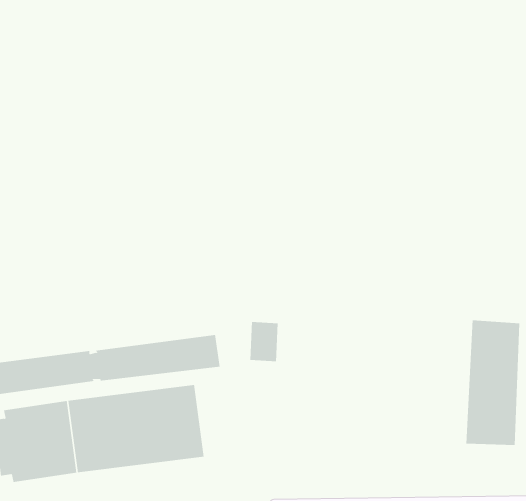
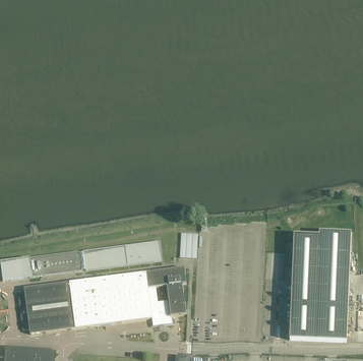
building: none -> [289,231,347,341]
building: none -> [144,266,185,324]

